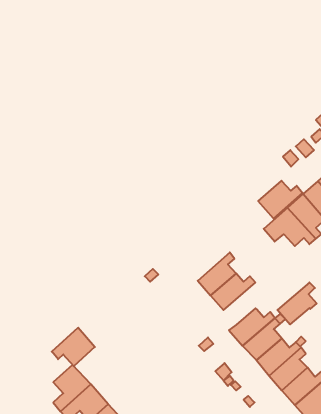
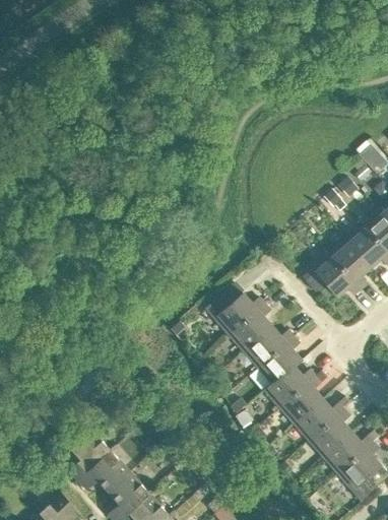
building: [258,181,302,218] -> none
building: none -> [206,292,266,335]
building: [277,282,317,324] -> [259,337,303,384]
building: [52,328,95,366] -> none

